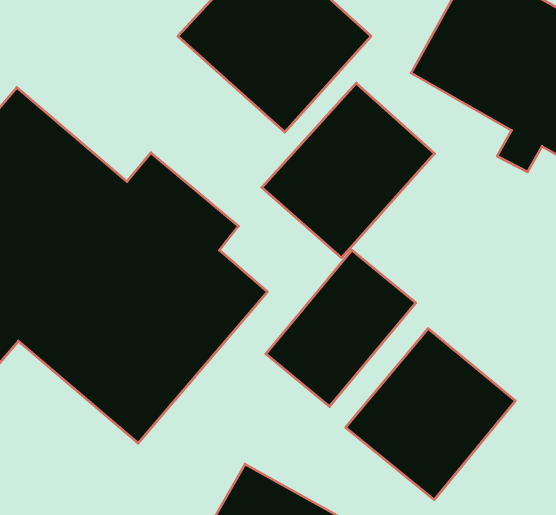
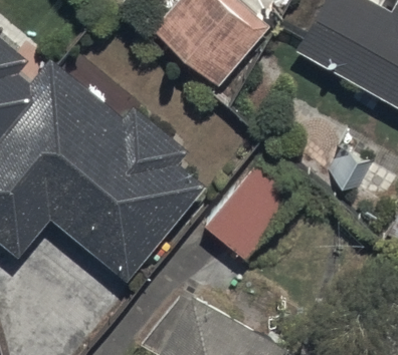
building: [262,83,435,258] -> none
building: [346,329,515,500] -> none

